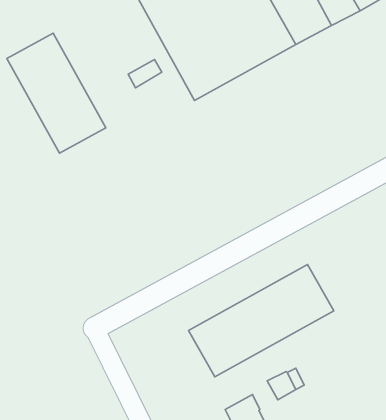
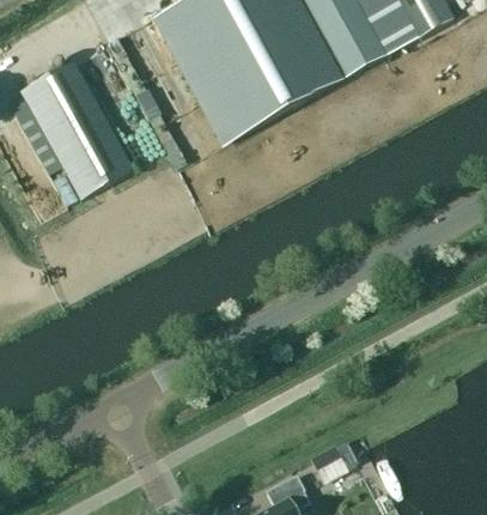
building: [189,264,334,377] -> none

